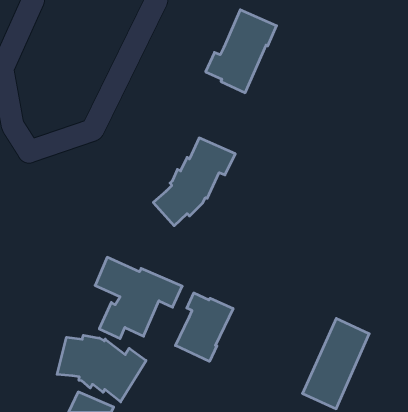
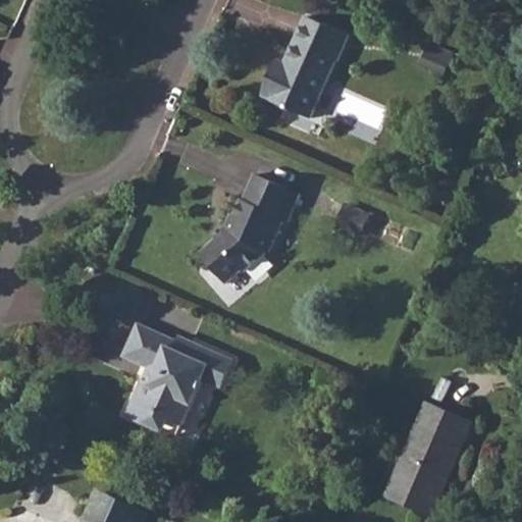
building: [175,293,233,361] -> none
building: [57,335,146,402] -> none

